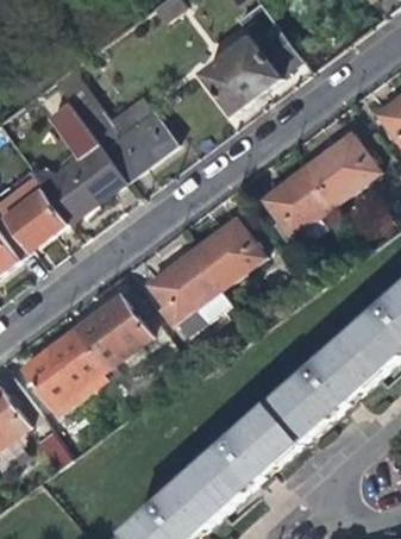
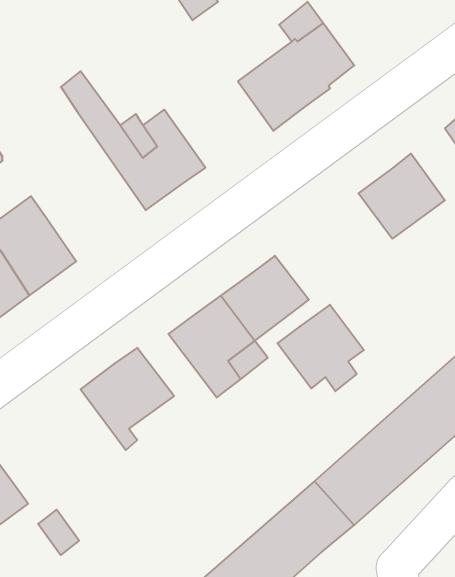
building: [40,99,126,224] -> none
building: [261,167,333,239] -> [277,305,364,391]
building: [11,331,102,418] -> none

